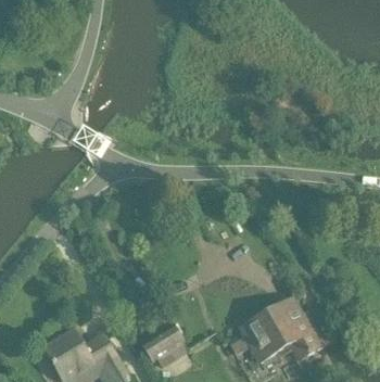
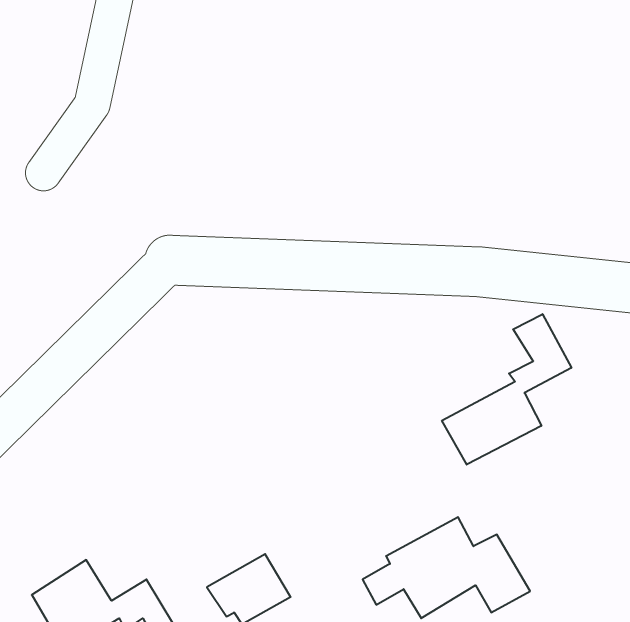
building: none -> [442,314,571,465]

